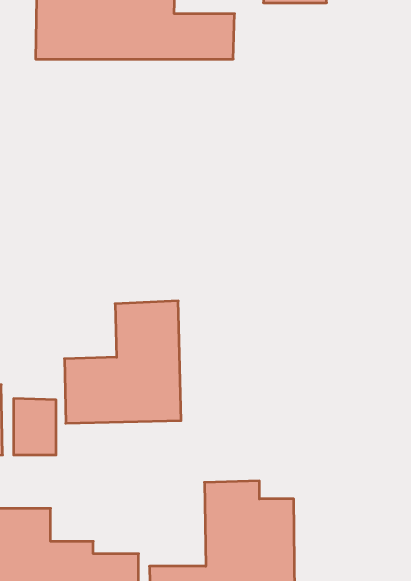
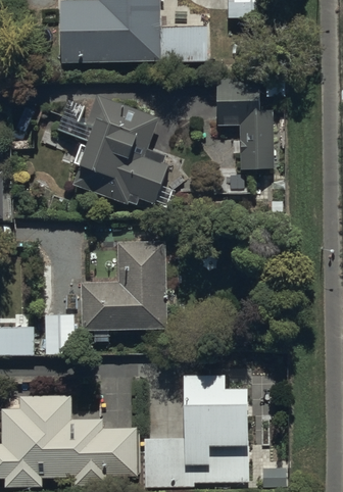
building: none -> [216,77,274,168]
building: none -> [71,94,167,204]

